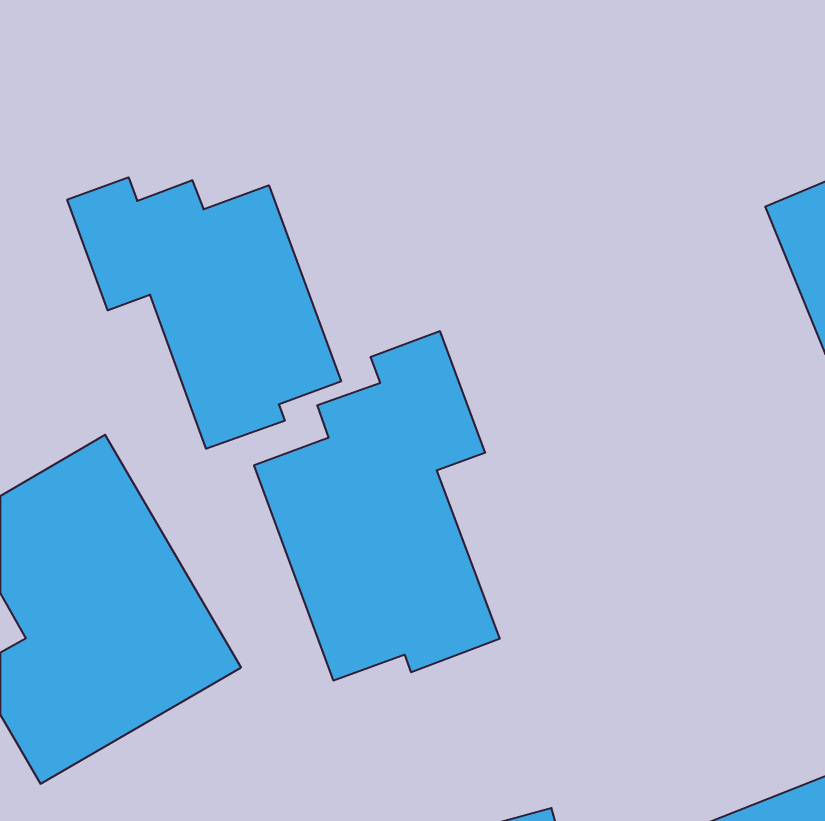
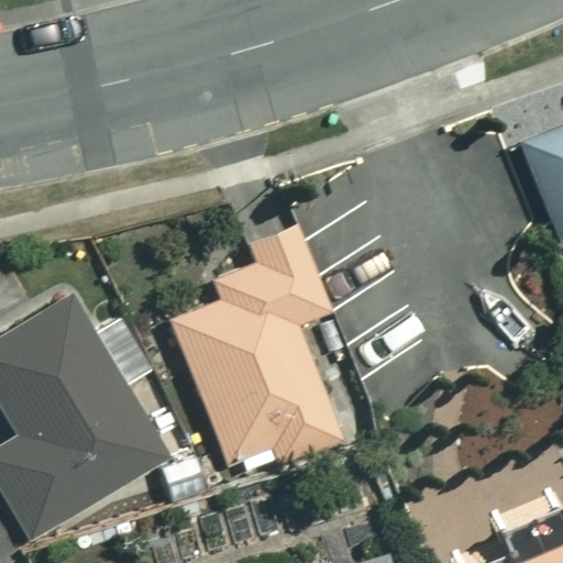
building: [67,177,341,449] -> none

